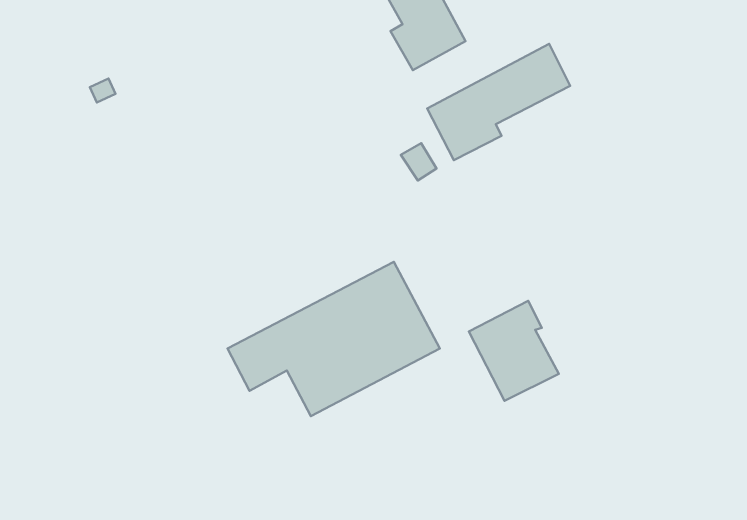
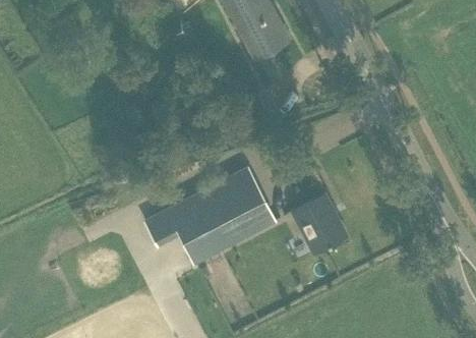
building: [427,44,570,160] -> none

